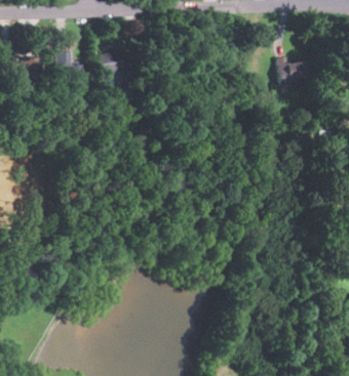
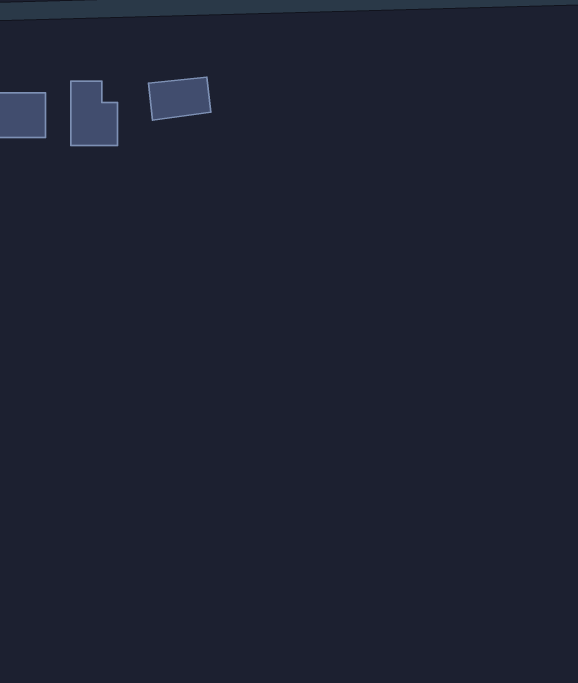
building: [280,60,310,85] -> none

